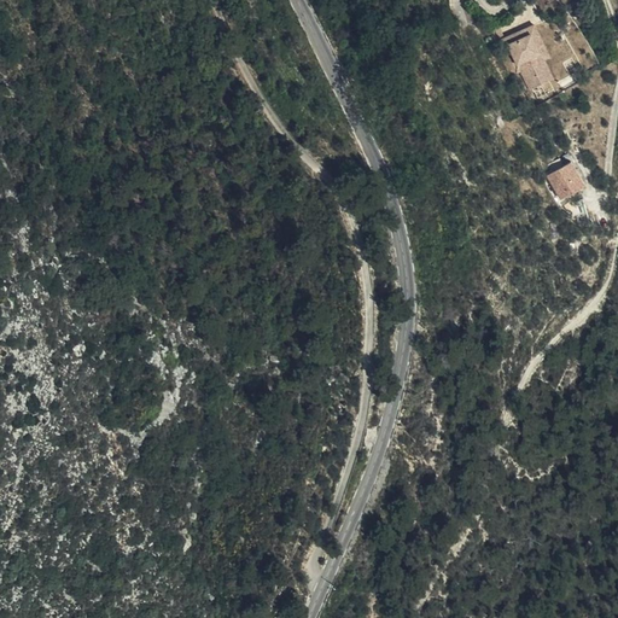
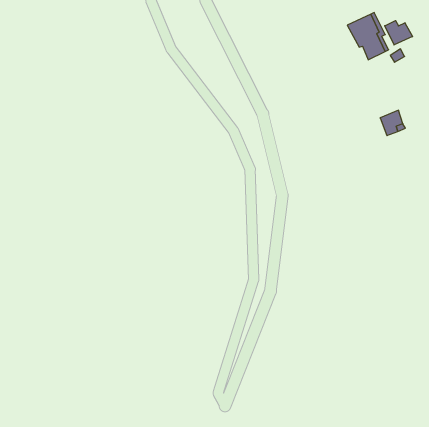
building: none -> [385,21,413,45]

